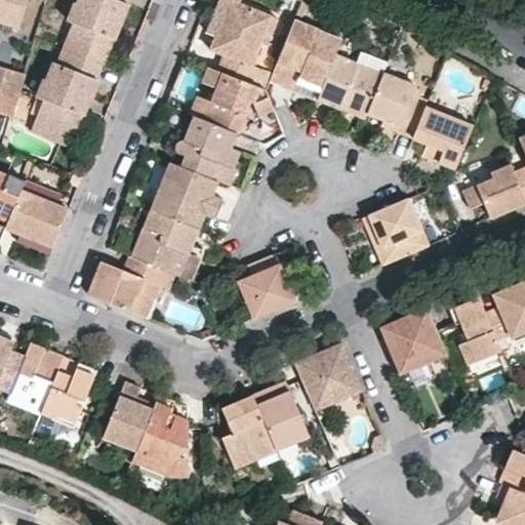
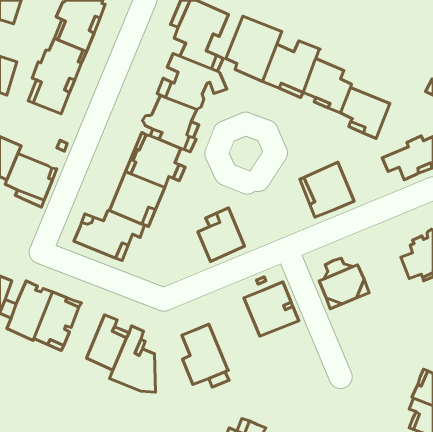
building: [448,297,499,364] -> none
building: [252,379,307,448] -> none

